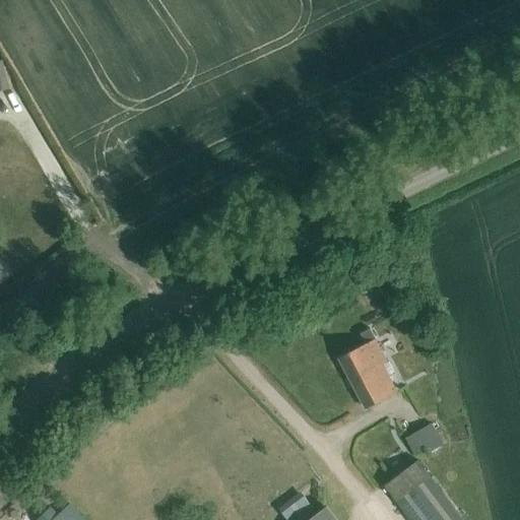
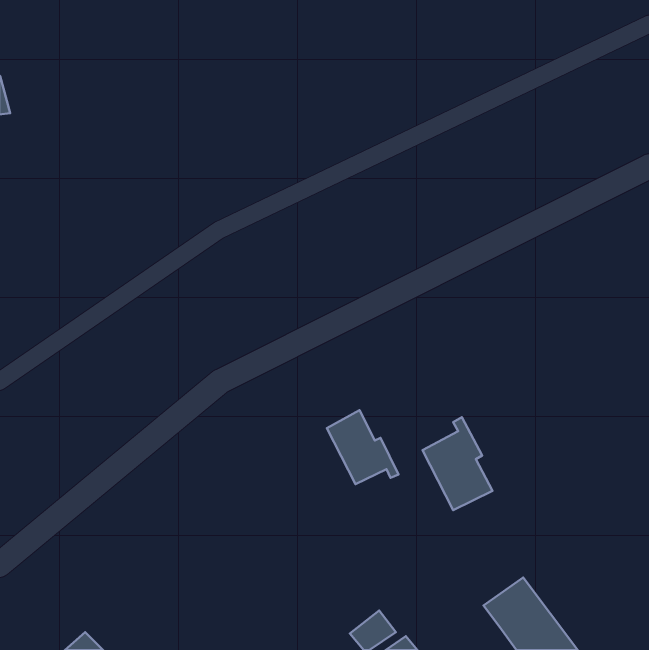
building: none -> [327,410,398,484]
building: [411,422,444,452] -> none

